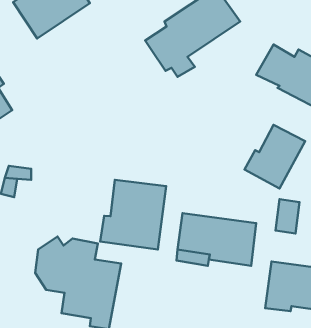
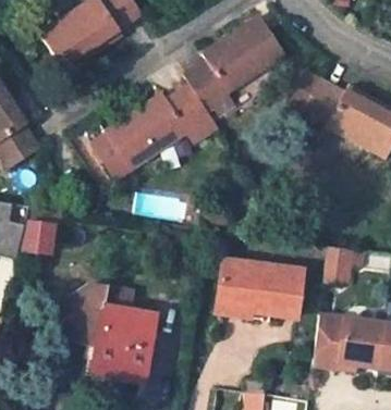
building: none -> [105,84,209,169]
building: [245,125,305,189] -> none
building: [100,180,166,249] -> none

